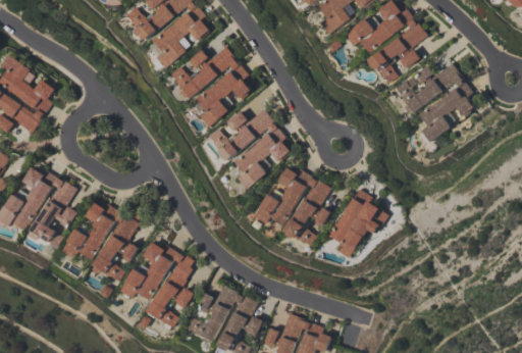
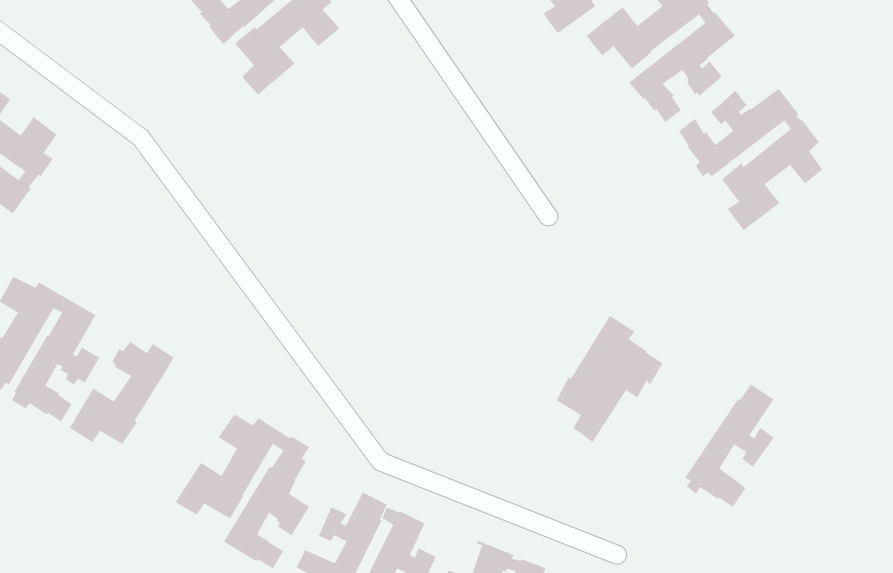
building: [170,42,252,127] -> none
building: [208,108,291,190] -> none
building: [254,167,331,246] -> none
building: [92,211,139,282] -> none
building: none -> [684,383,775,508]

